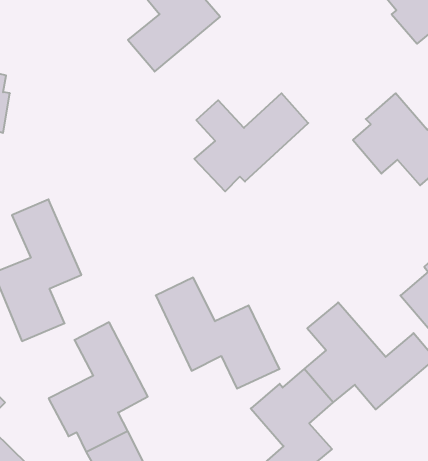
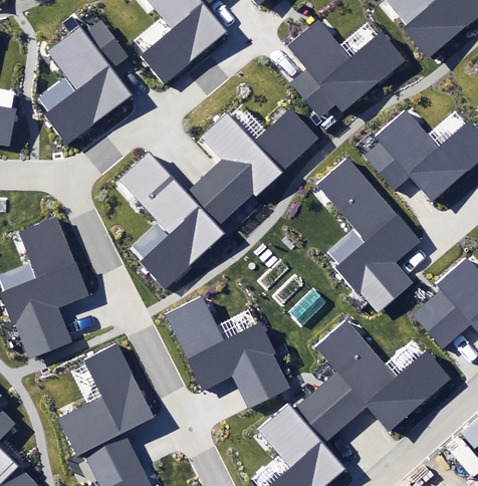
building: none -> [37,20,133,145]
building: none -> [288,20,405,116]
building: none -> [121,152,234,285]
building: none -> [316,156,419,309]

